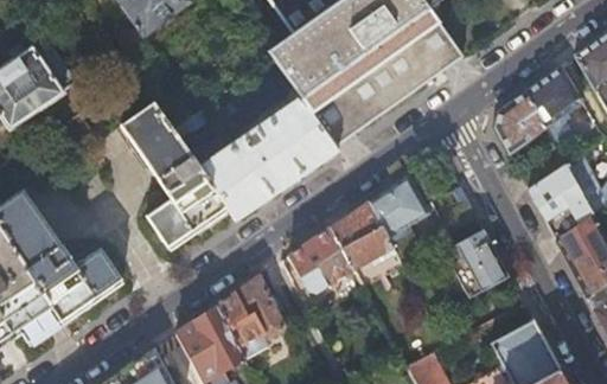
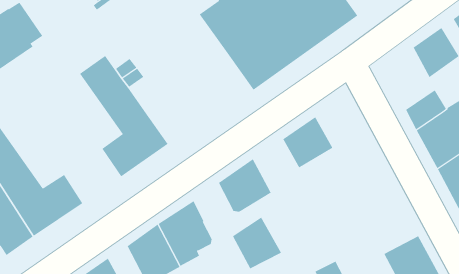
building: [496,92,547,155] -> none
building: [200,100,337,222] -> none
building: [332,204,392,268] -> [232,217,282,269]
building: [451,230,510,299] -> none

